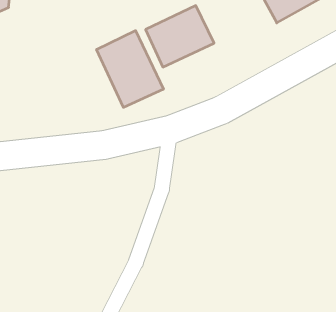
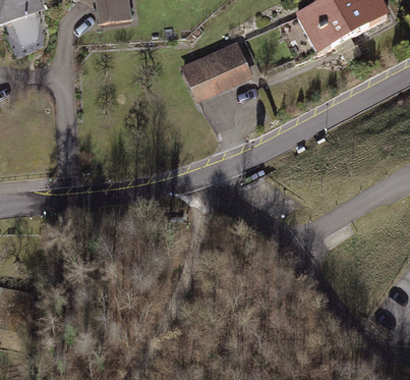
building: [97,31,163,107] -> none

